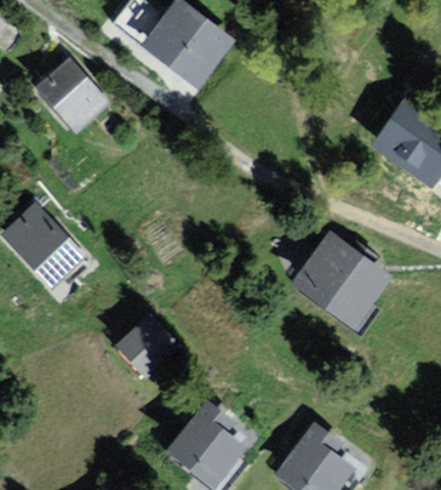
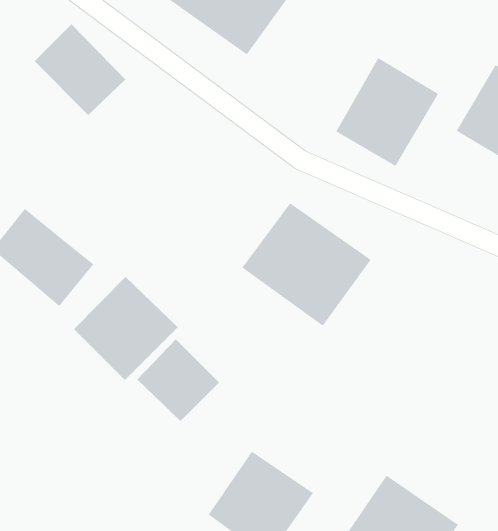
building: none -> [335,57,439,167]
building: [292,232,396,331] -> [241,202,372,327]
building: none -> [73,276,178,381]

